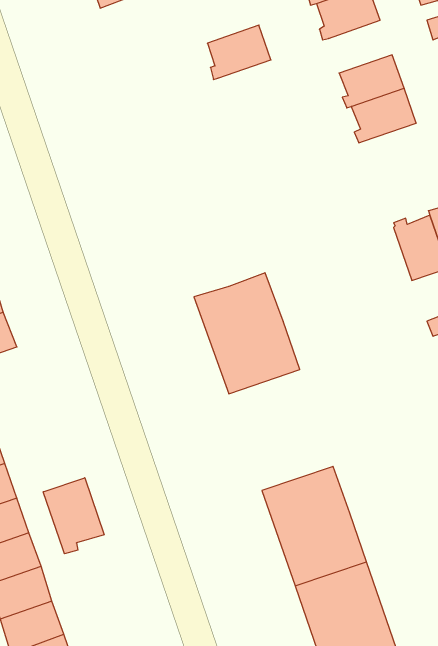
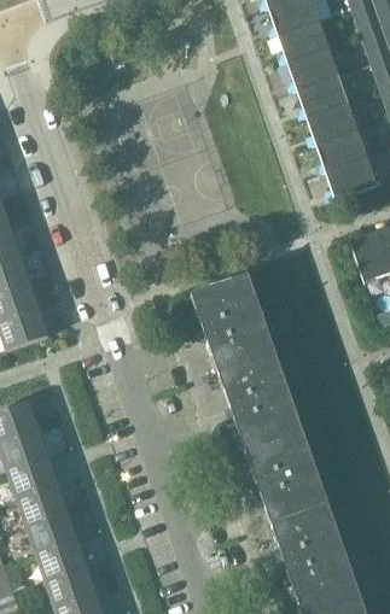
building: [207,25,271,80] -> [297,74,348,117]
building: none -> [325,156,377,199]
building: none -> [217,352,301,449]
building: [43,478,104,554] -> none

